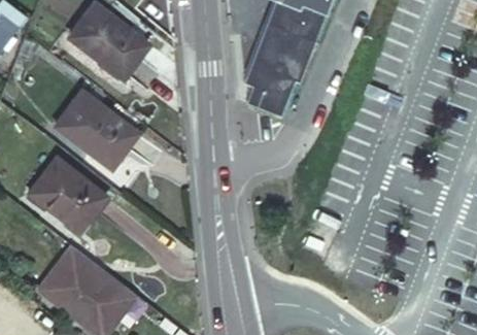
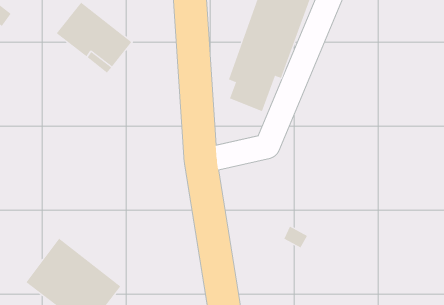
building: [57,91,139,161] -> none
building: [27,156,103,229] -> none

